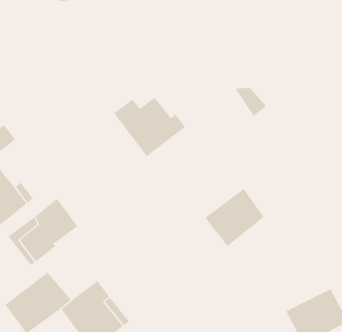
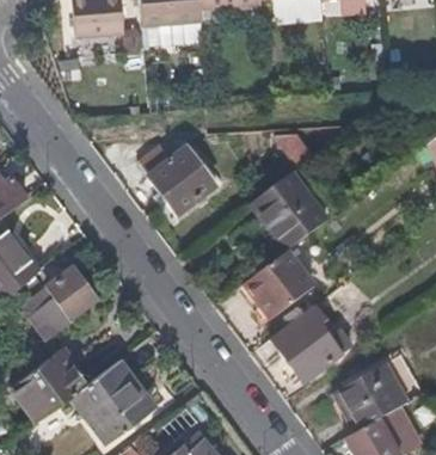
building: none -> [248,176,330,256]
building: none -> [271,309,351,385]

